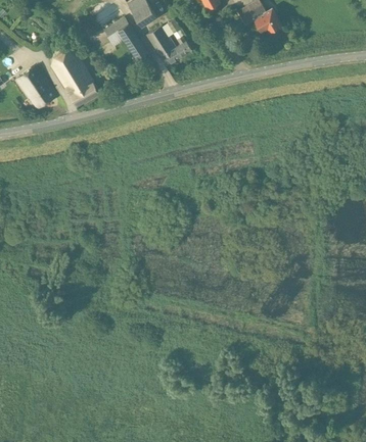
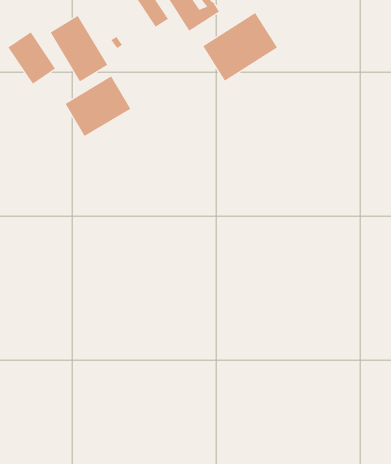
building: none -> [202,12,278,82]
building: none -> [65,76,131,137]

